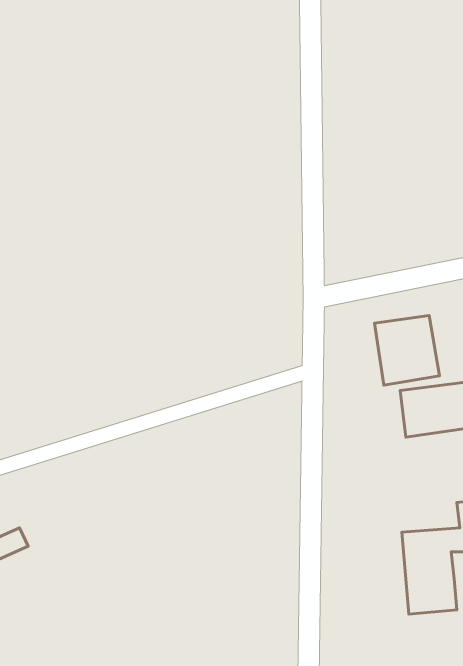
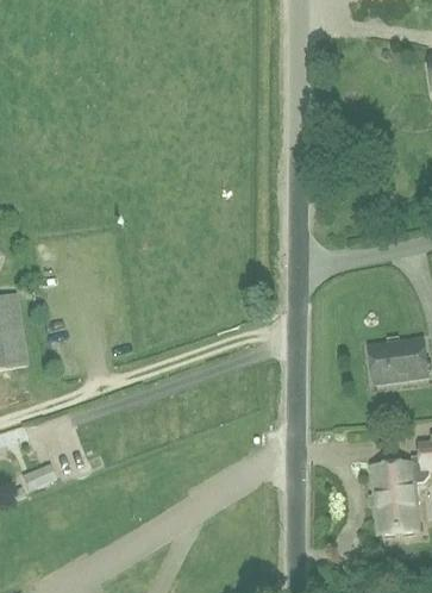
building: [375,315,439,385] -> none

